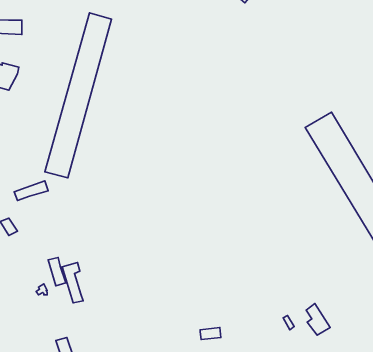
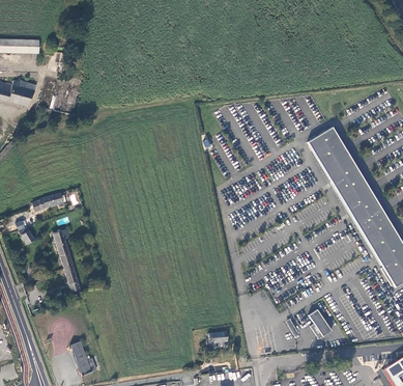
building: [45,13,112,178] -> none
building: [62,262,83,303] -> [54,228,74,267]

